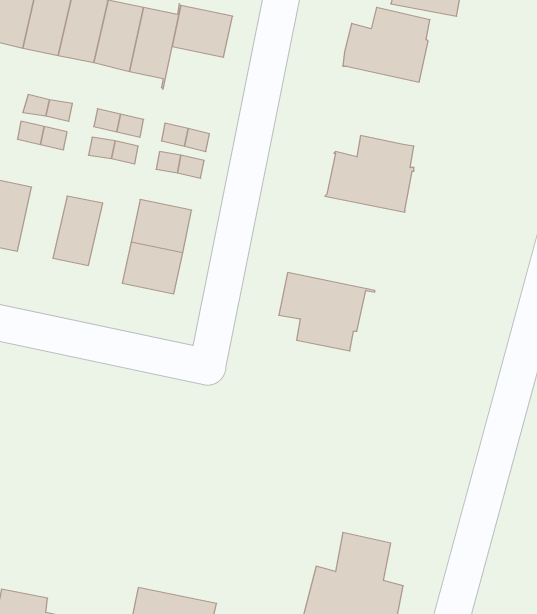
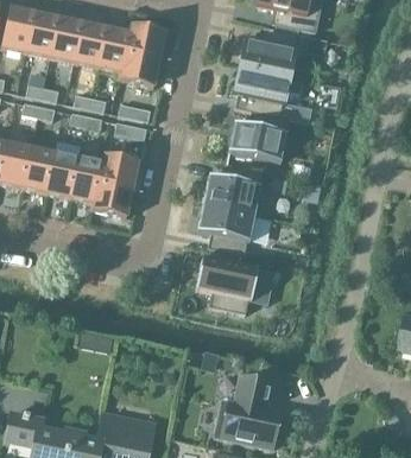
building: none -> [119,52,159,88]
building: none -> [233,65,290,117]
building: none -> [21,146,55,193]
building: none -> [69,154,103,210]
building: none -> [202,164,266,215]
building: none -> [195,256,258,314]

